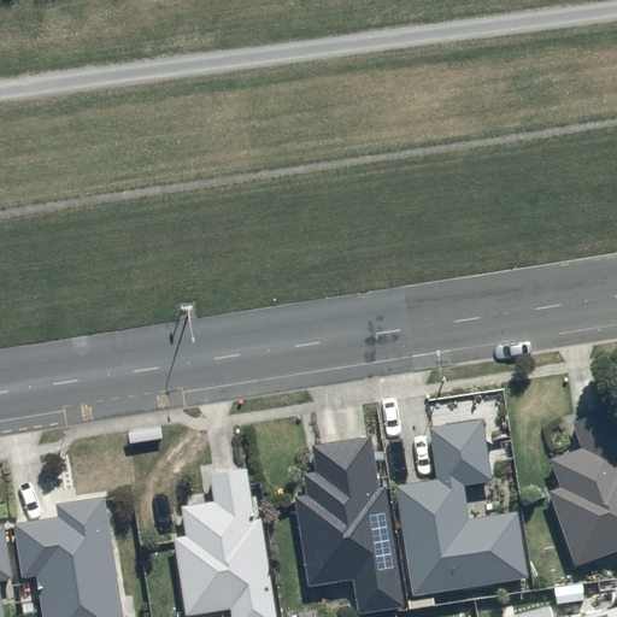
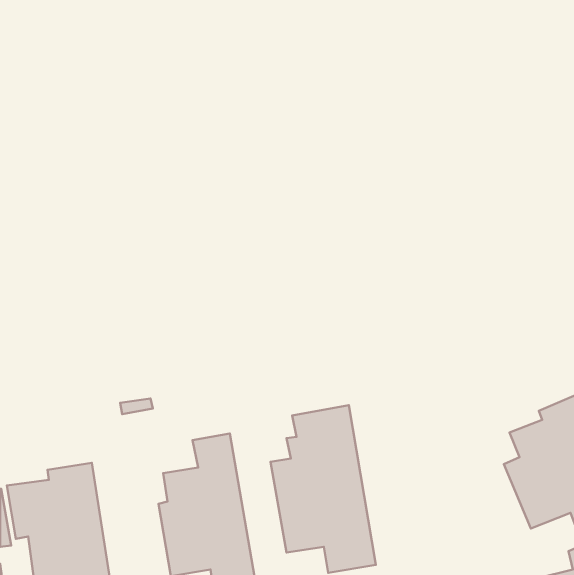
building: [393,418,529,599] -> none

